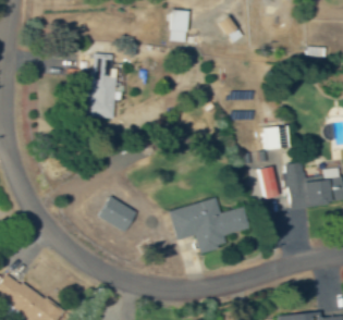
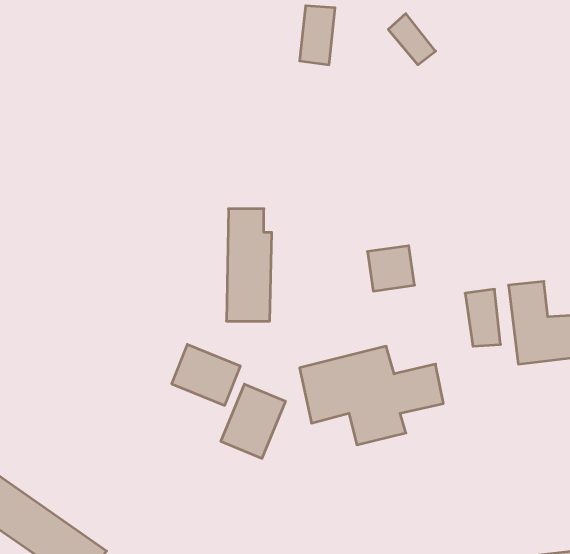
building: [91,56,117,118] -> [226,209,272,321]
building: [264,125,290,150] -> [367,246,415,291]
building: none -> [221,384,285,458]

